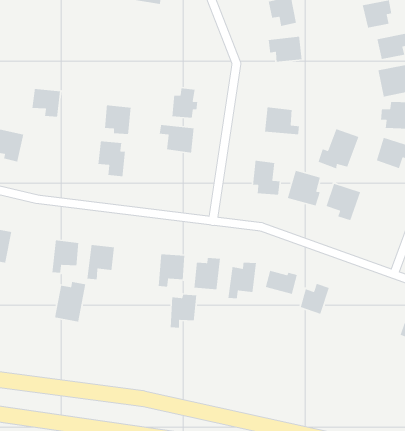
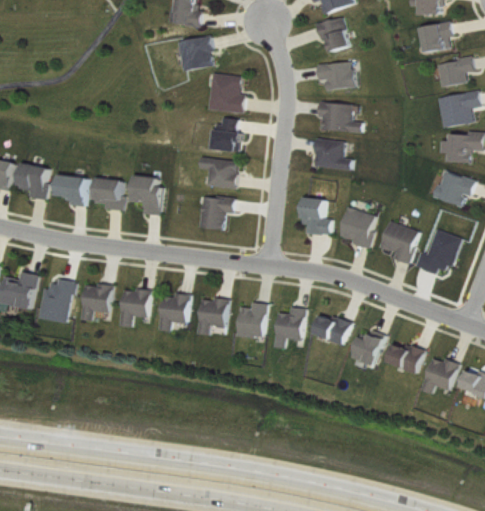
building: none -> [176,35,213,71]
building: none -> [207,73,245,113]
building: none -> [318,102,361,132]
building: [31,88,61,118] -> [55,174,87,206]
building: [104,105,132,135] -> [93,177,123,210]
building: [317,128,360,169] -> [414,229,460,274]
building: none -> [197,195,232,230]
building: [54,281,86,322] -> [38,278,73,323]
building: [170,294,197,329] -> [158,293,188,331]
building: none -> [386,344,422,372]
building: none -> [421,358,457,393]

